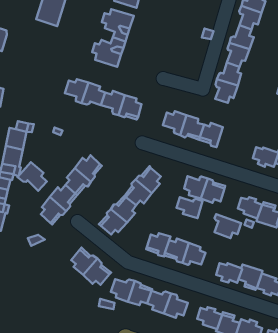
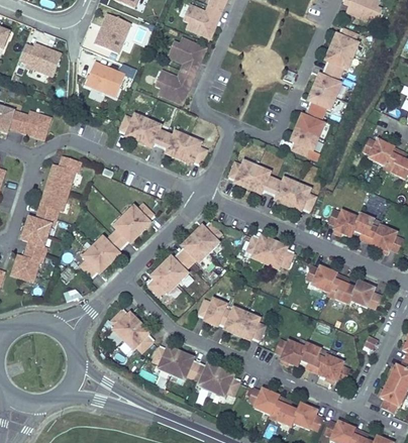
building: none -> [85,60,124,95]
building: none -> [288,184,316,211]
building: [18,162,47,191] -> none
building: [176,197,203,218] -> none
building: [214,214,241,238] -> none

